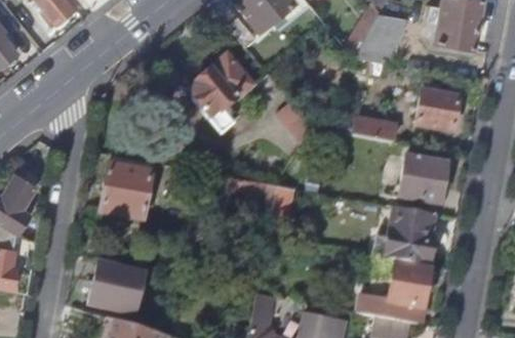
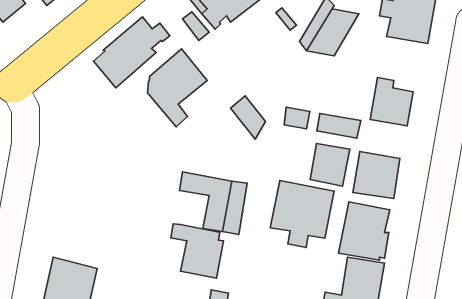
building: none -> [94,17,170,88]
building: none -> [310,143,350,186]
building: [102,162,152,216] -> none
building: none -> [270,181,334,247]
building: none -> [171,224,223,278]

